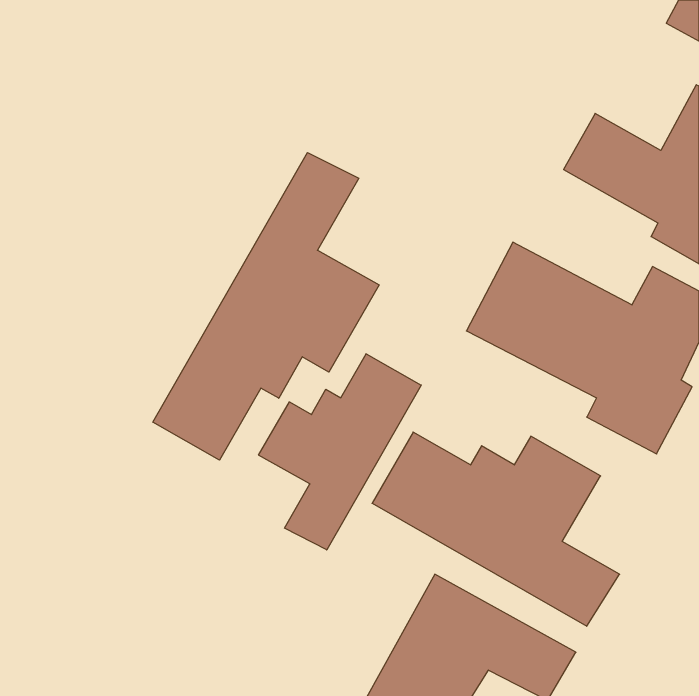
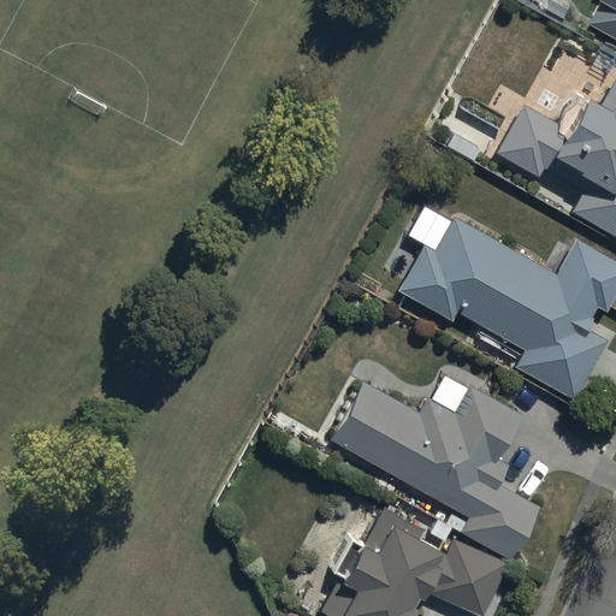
building: [153,153,379,460] -> none
building: [259,354,421,550] -> none

